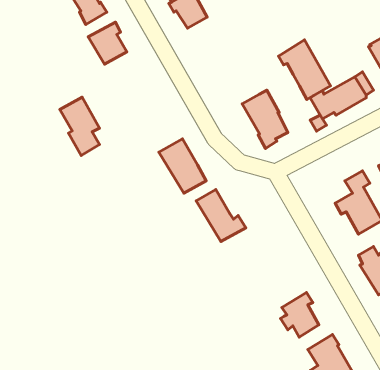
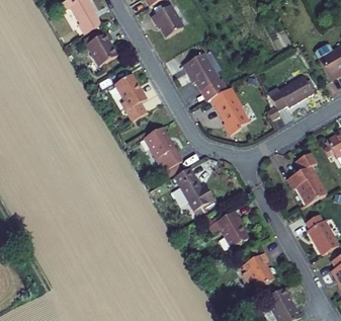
building: [278,40,331,99] -> [183,53,226,101]
building: [60,97,100,156] -> [114,74,147,122]
building: none -> [208,211,249,248]

